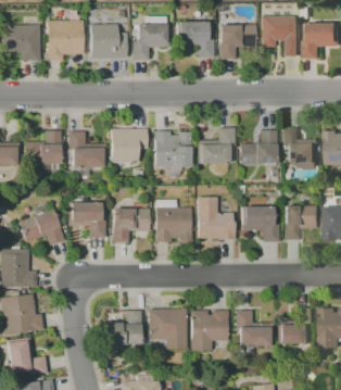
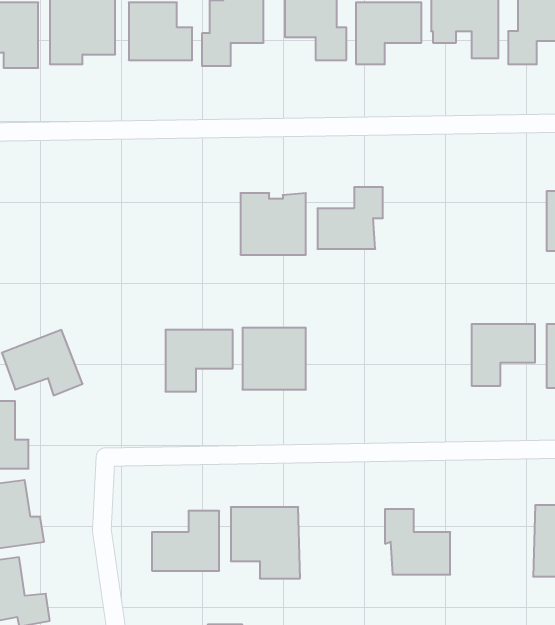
building: [282,127,319,162] -> none
building: [110,128,147,163] -> none
building: [24,130,61,164] -> none
building: [240,130,277,164] -> none
building: [67,131,105,166] -> none
building: [199,197,235,240] -> none
building: [68,202,104,237] -> none
building: [243,206,278,242] -> none
building: [279,309,315,344] -> none
building: [191,311,228,350] -> none

